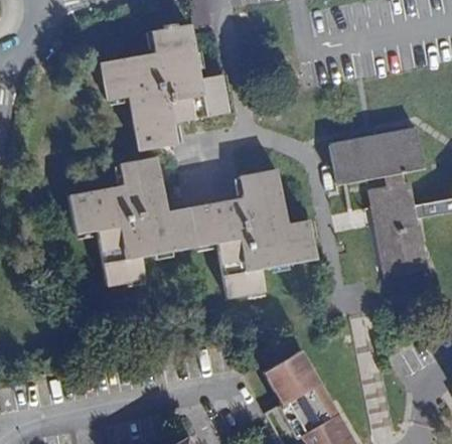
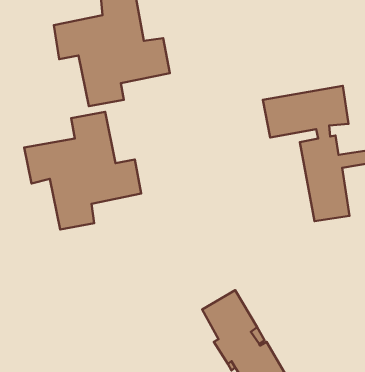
building: [189,171,316,295] -> none

